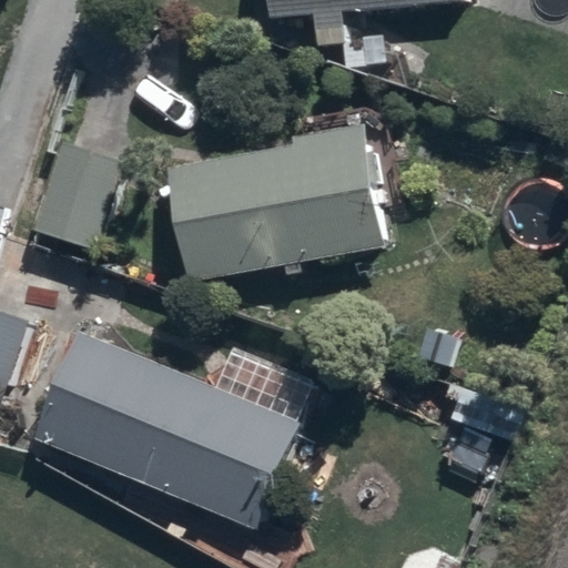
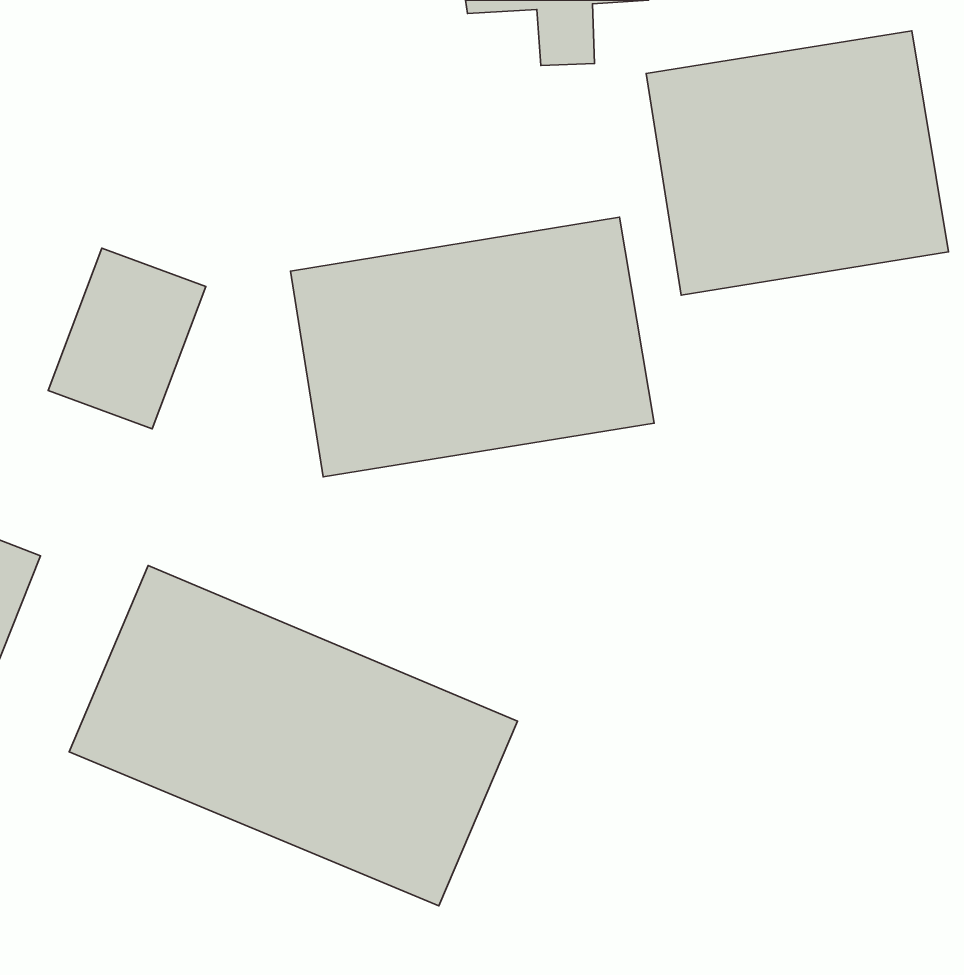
building: none -> [646,31,948,295]

